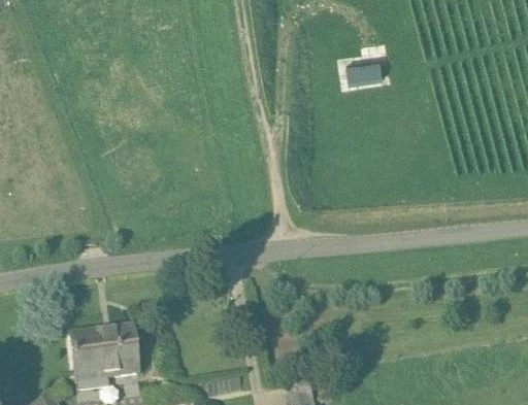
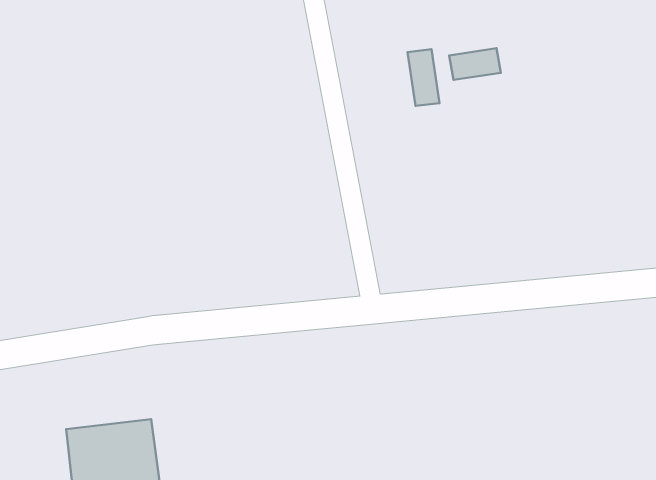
building: none -> [407,49,440,106]

